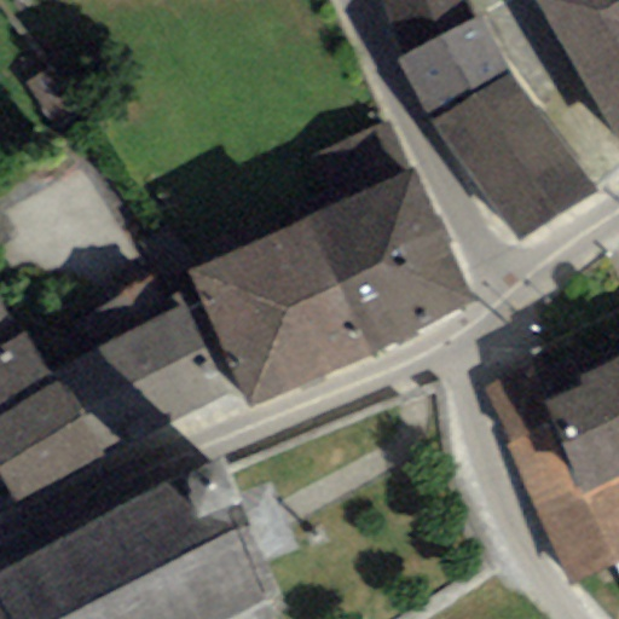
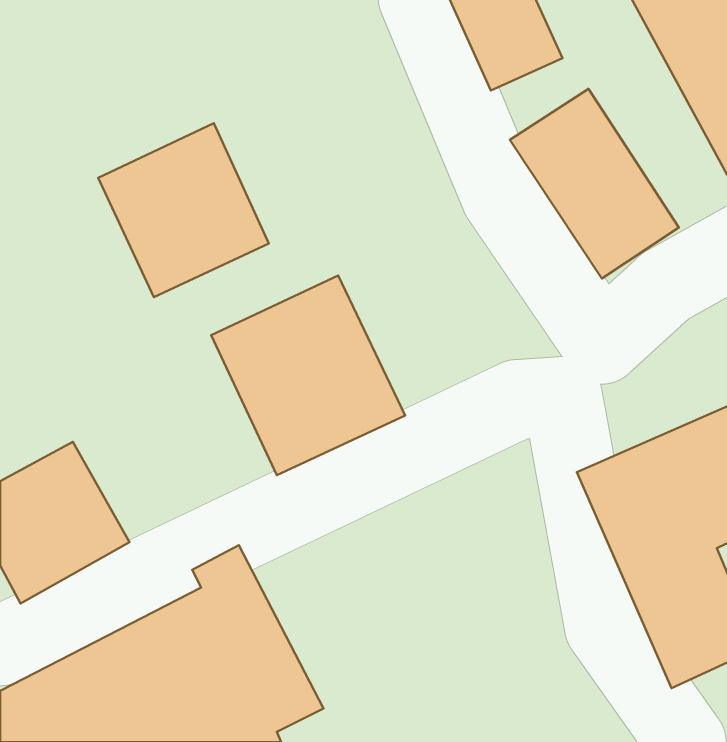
building: none -> [98,123,269,297]
building: [295,177,462,345] -> none
building: [75,303,241,450] -> none

